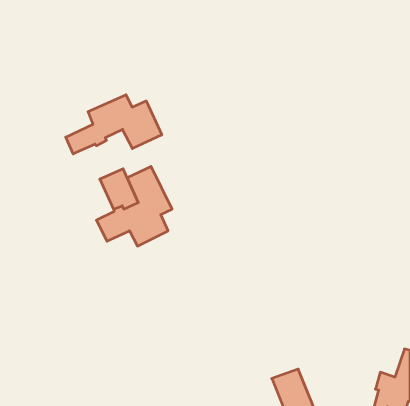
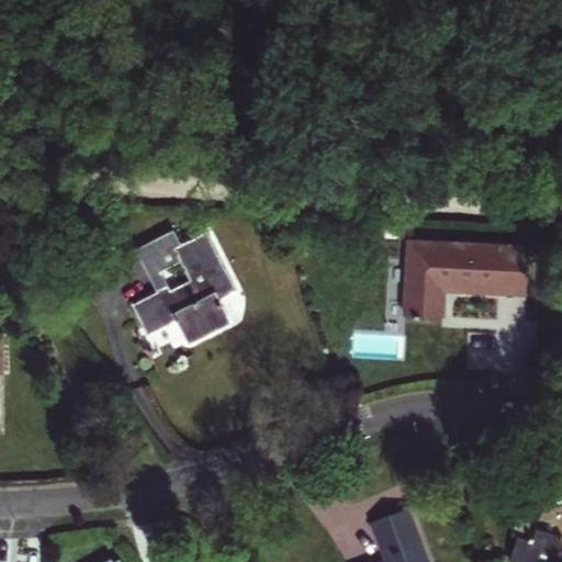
building: [66,95,162,154] -> none
building: none -> [405,244,530,318]

